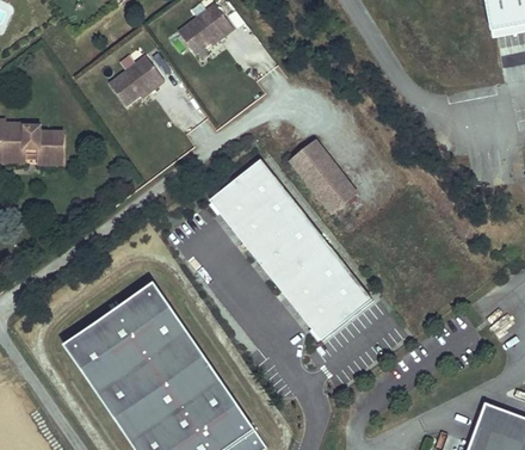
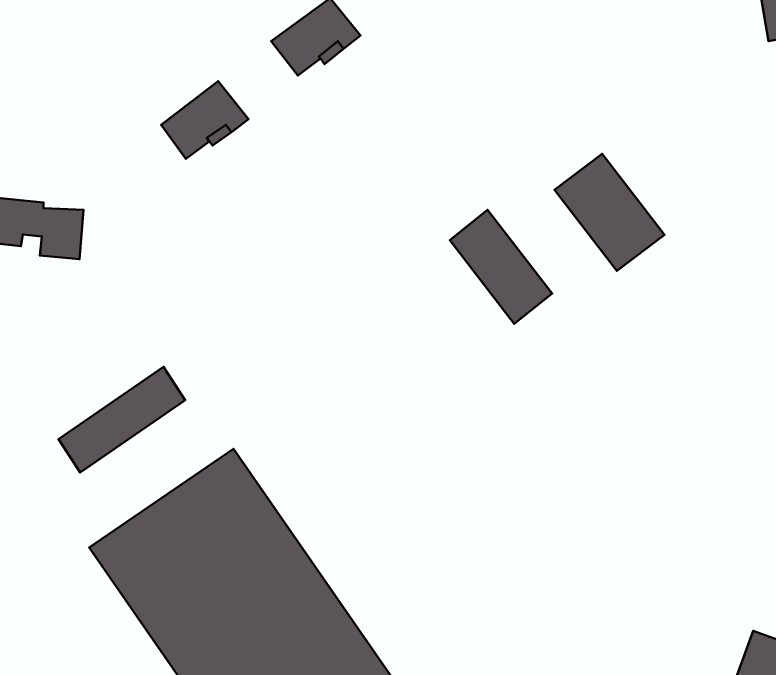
building: none -> [554,154,665,271]
building: [212,160,375,340] -> none
building: none -> [58,367,185,473]

